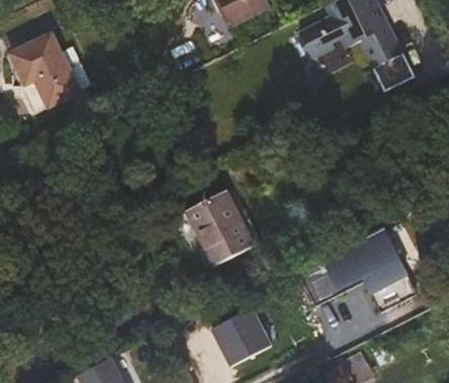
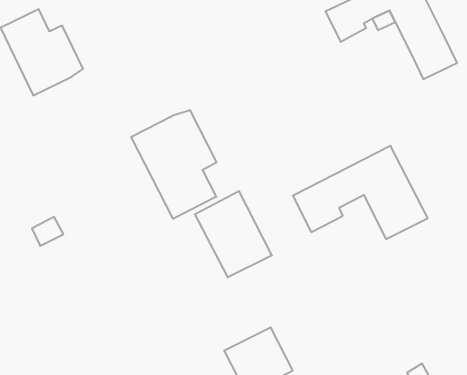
building: none -> [131,110,216,219]
building: [299,231,417,312] -> [293,146,428,239]

